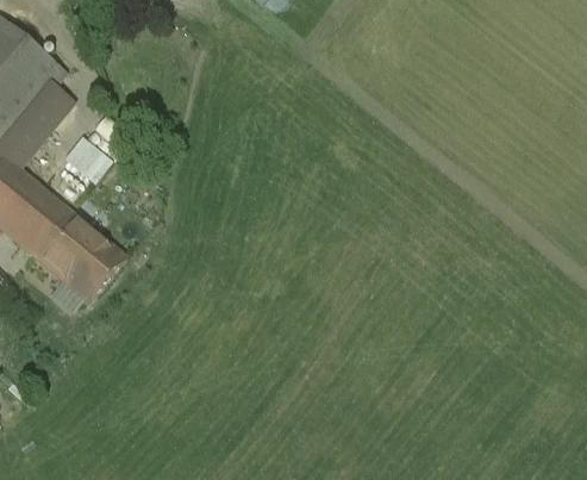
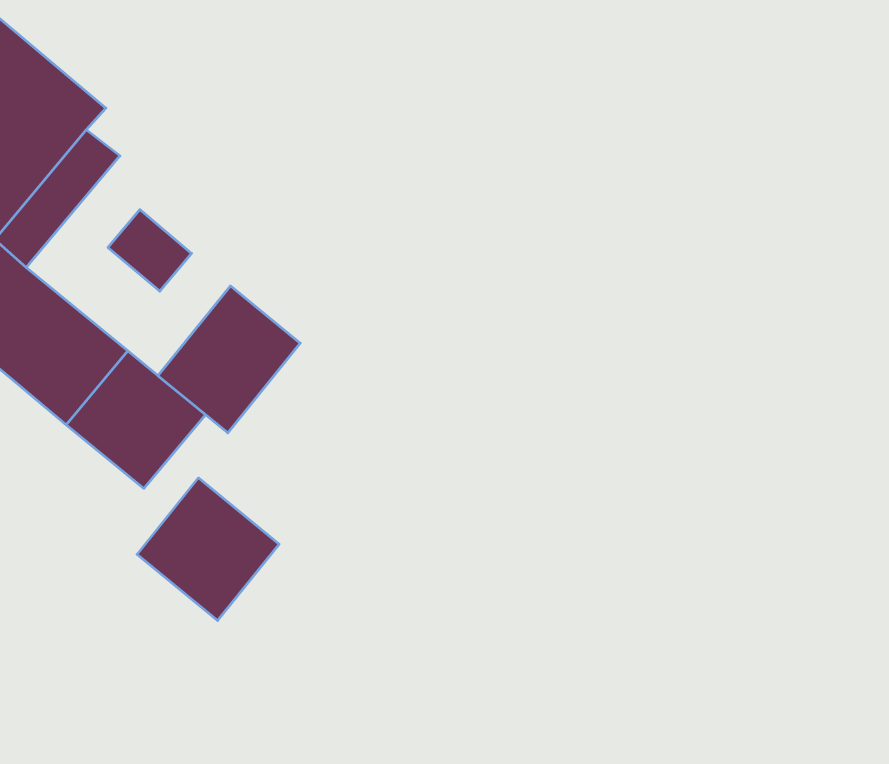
building: none -> [158,286,300,433]
building: none -> [137,478,279,621]

